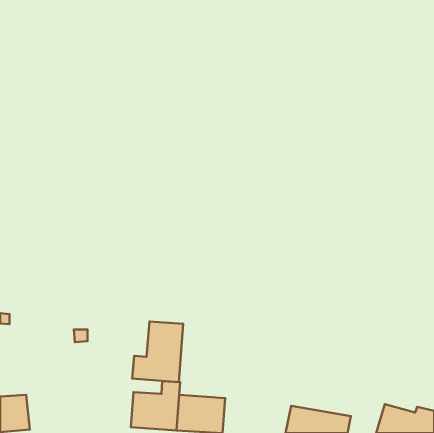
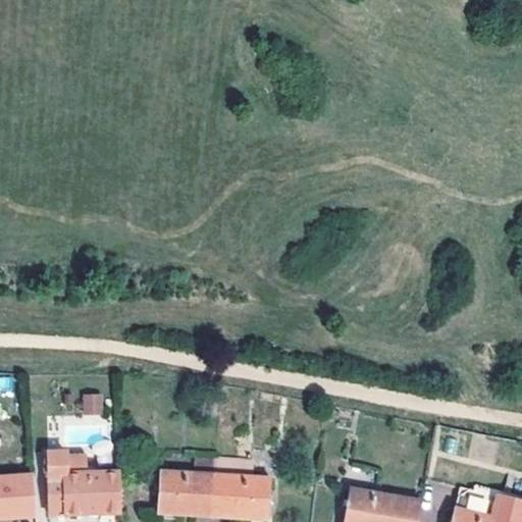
building: [132,322,183,382] -> none
building: none -> [48,457,119,515]

